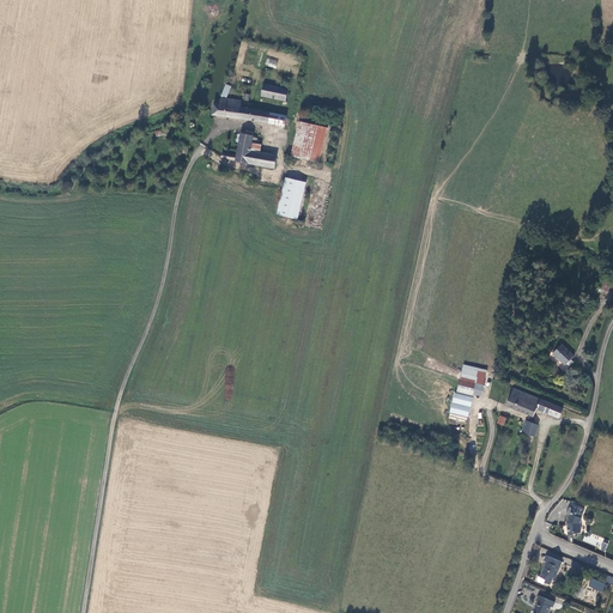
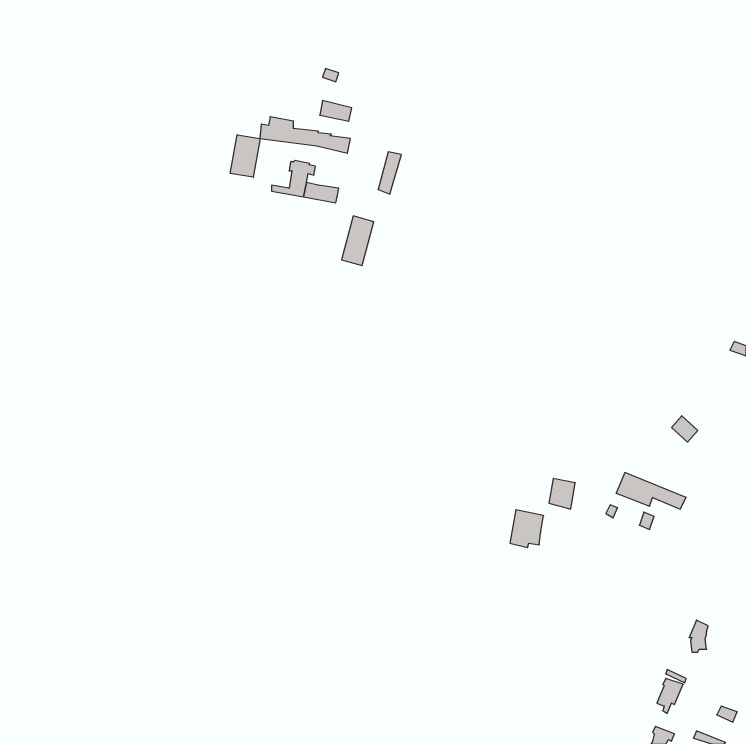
building: none -> [230,135,260,177]
building: [293,120,318,156] -> none
building: [456,365,484,396] -> [510,510,544,548]

